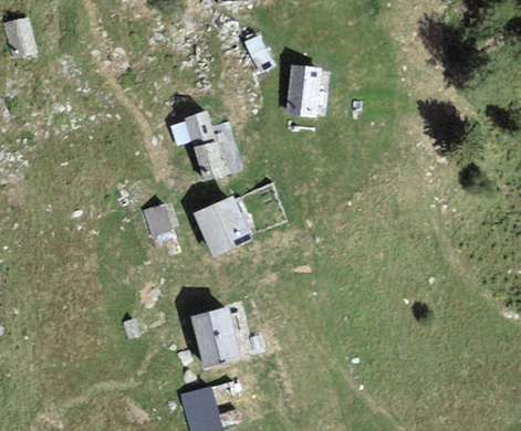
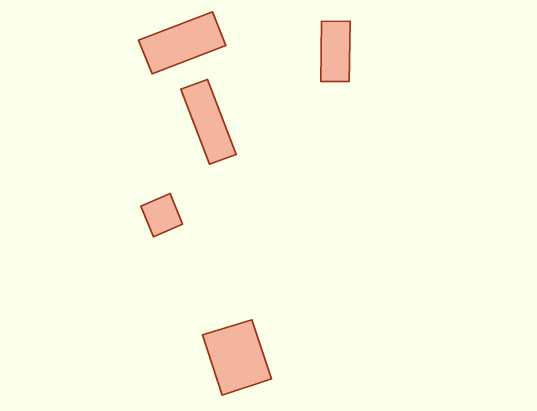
building: none -> [139,12,226,74]
building: [192,191,252,252] -> none

